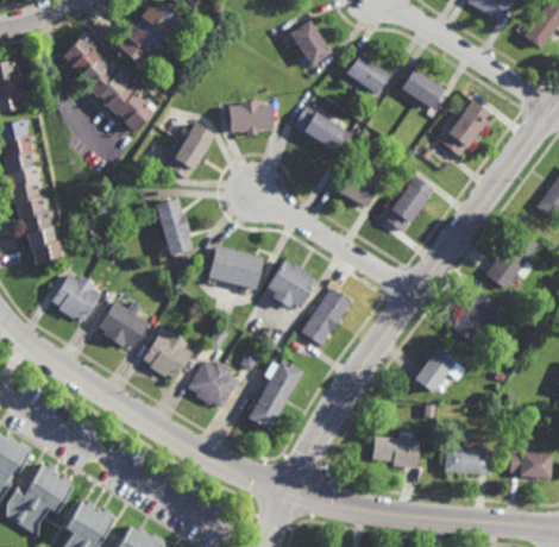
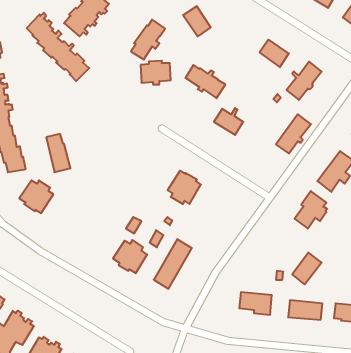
building: [341,51,389,100] -> none
building: [164,120,214,178] -> [131,20,165,59]
building: [384,175,435,232] -> [276,114,311,153]
building: [156,197,191,253] -> [46,134,71,172]
building: [207,246,263,288] -> none
building: [301,289,351,346] -> none
building: [99,301,150,348] -> none
building: [144,332,191,381] -> none
building: [415,347,458,394] -> [292,253,322,284]

